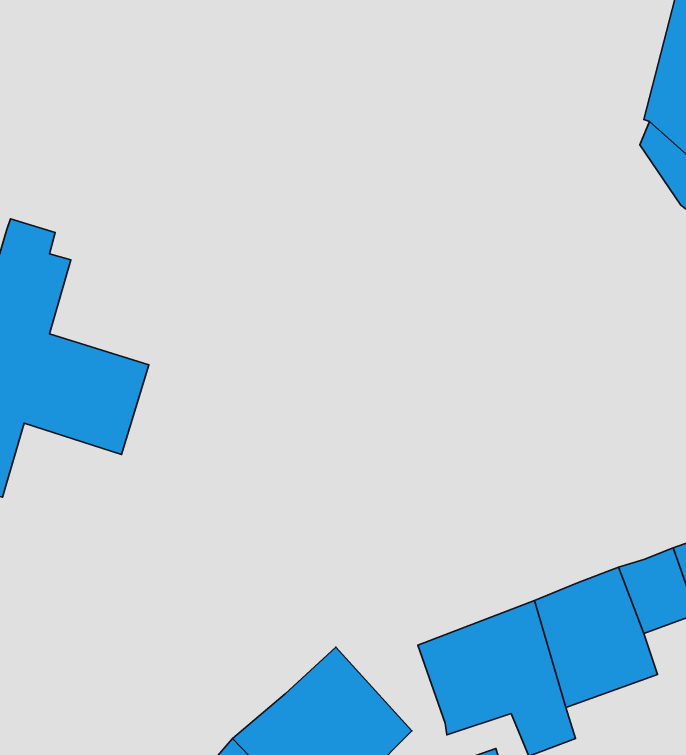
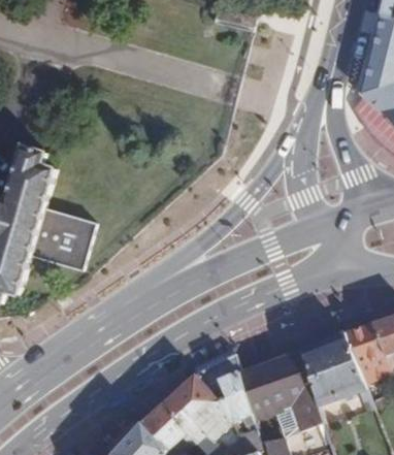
building: none -> [194,358,252,422]

